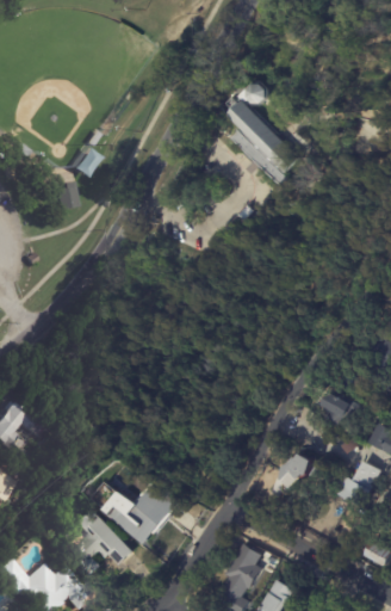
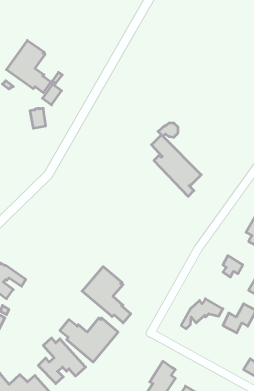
building: [228,82,299,187] -> [151,123,201,196]
building: none -> [6,40,51,93]
building: none -> [82,267,131,323]

